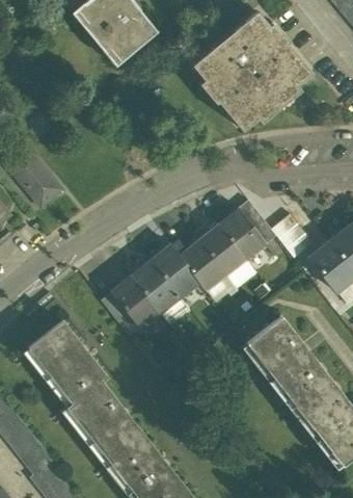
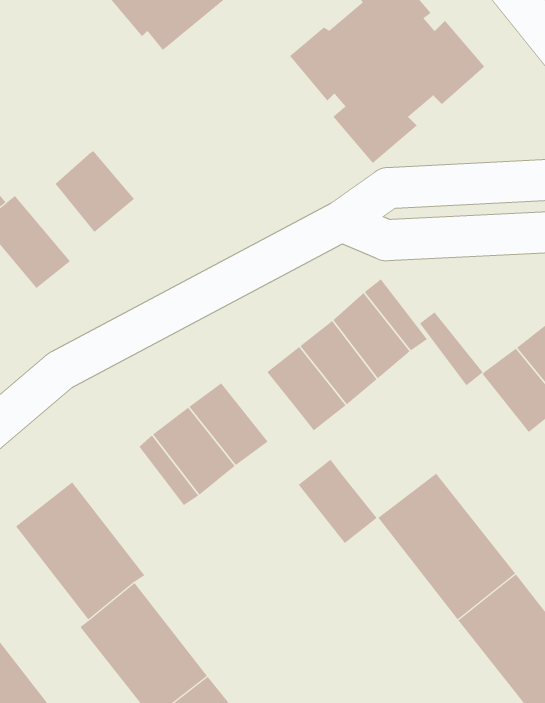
building: none -> [55,150,135,233]
building: [152,246,199,297] -> [298,459,378,544]

